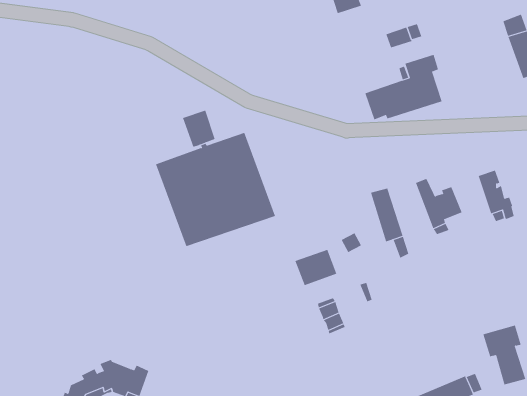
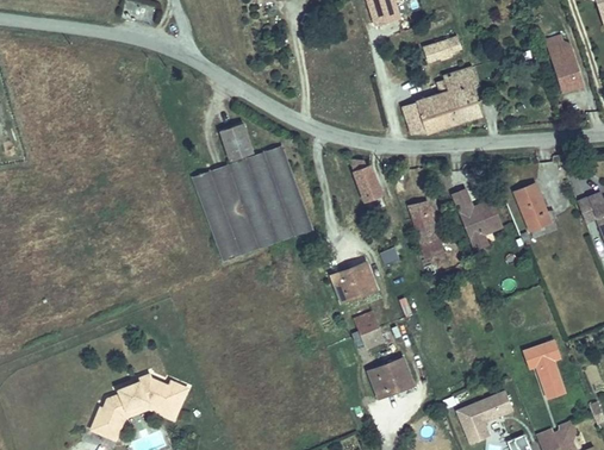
building: none -> [349,160,381,201]
building: none -> [371,360,411,396]

